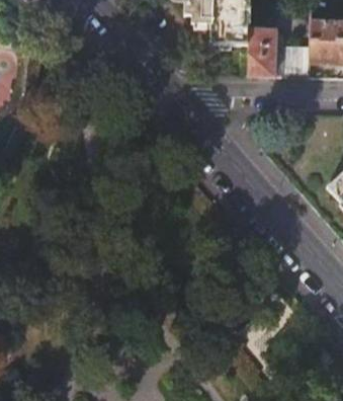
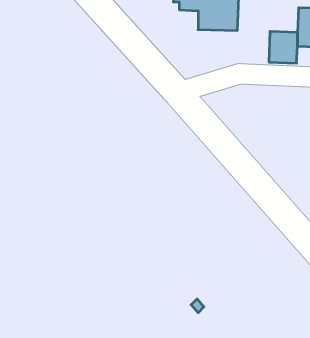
building: [248,18,276,76] -> none

